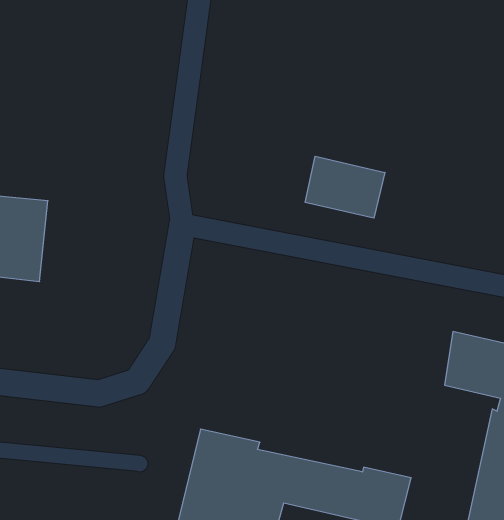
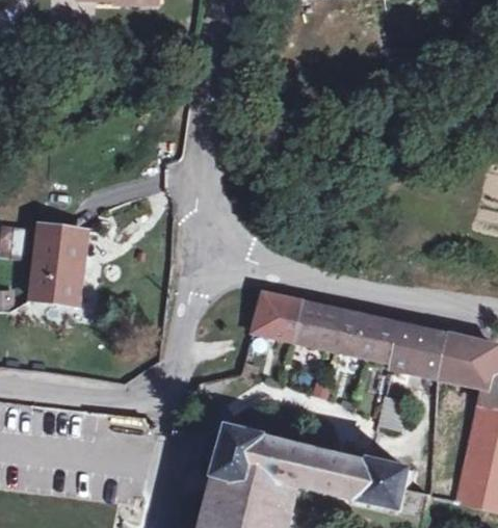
building: [305,156,385,218] -> none
building: none -> [250,294,443,382]

